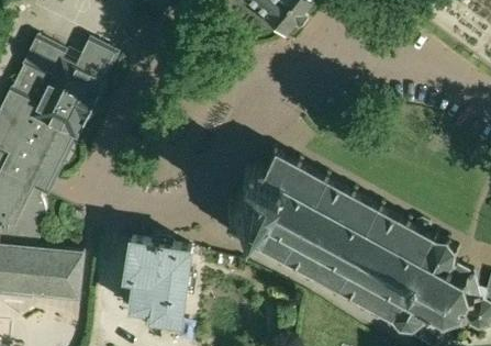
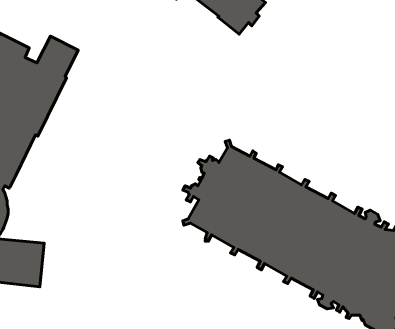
building: [122,239,188,323] -> none

